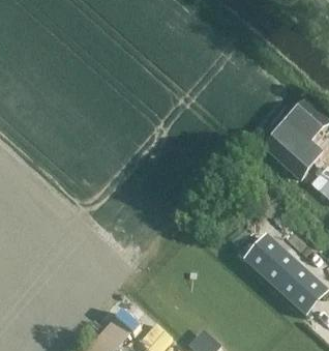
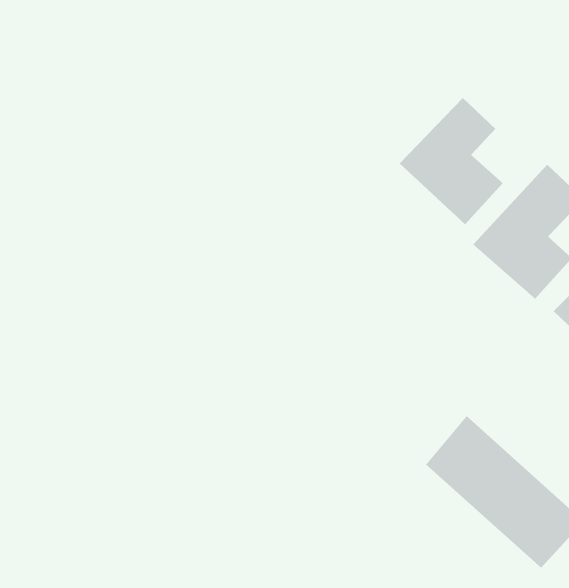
building: none -> [399,97,503,225]

